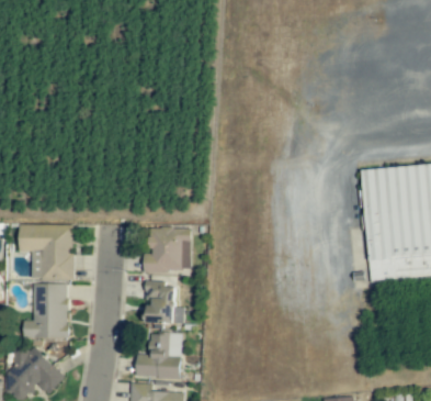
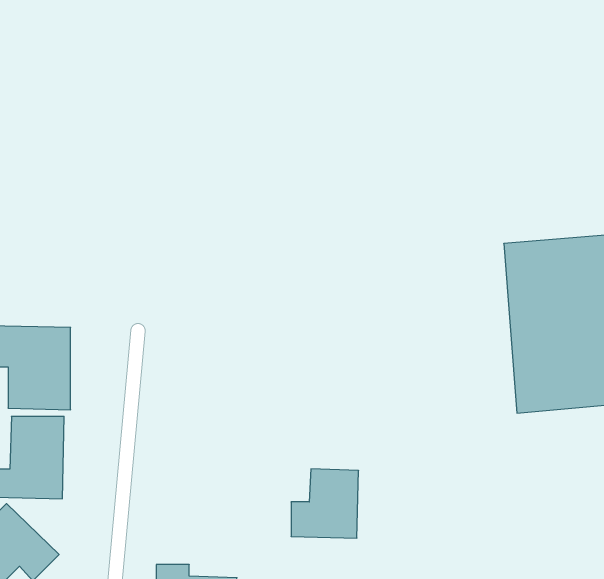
building: [144,227,191,271] -> none
building: [146,280,175,323] -> none
building: [136,333,181,379] -> [291,469,359,538]

